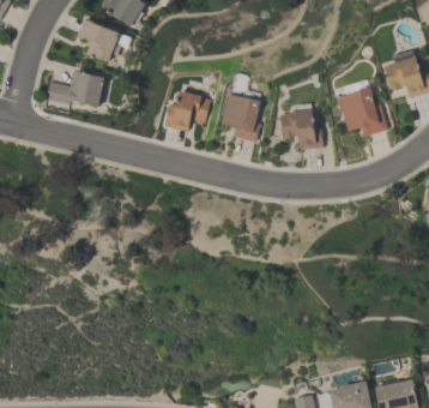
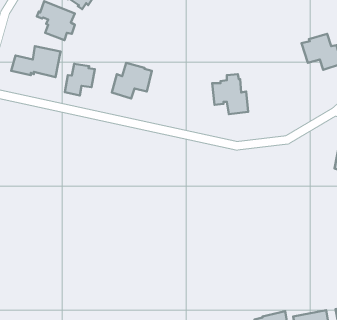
building: [337,84,387,136] -> none
building: [220,90,260,140] -> none
building: none -> [65,64,95,95]

